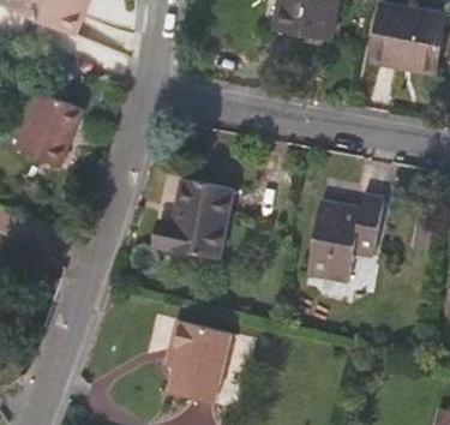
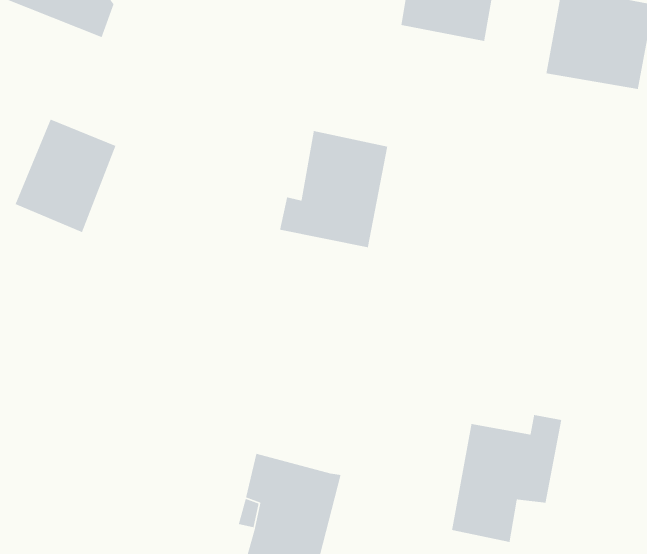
building: [158,179,232,258] -> [279,130,388,248]
building: [307,194,382,281] -> [451,414,562,543]

